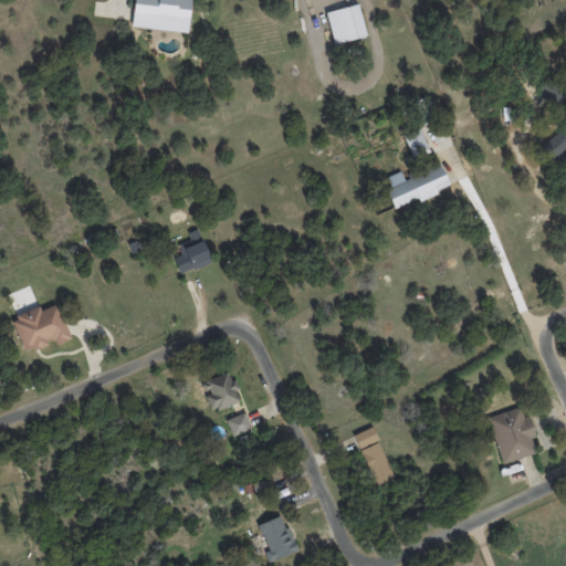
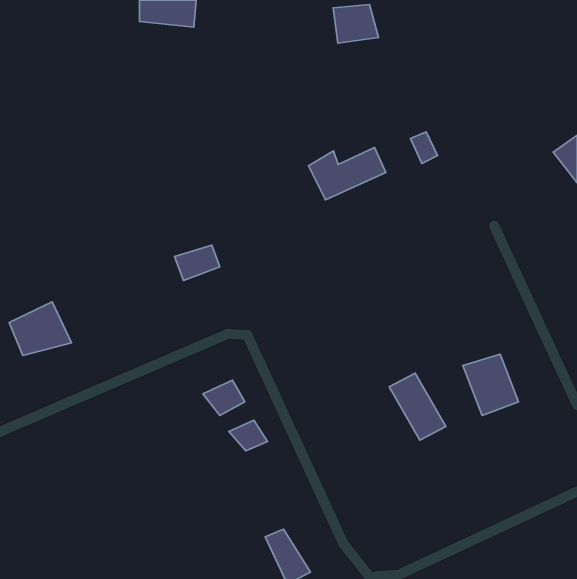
building: [381,165,457,216] -> [309,148,386,200]
building: [485,407,539,467] -> [463,354,518,415]
building: [346,427,401,492] -> [389,373,446,440]

